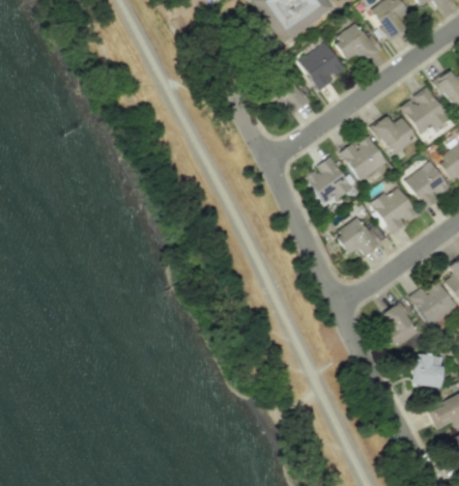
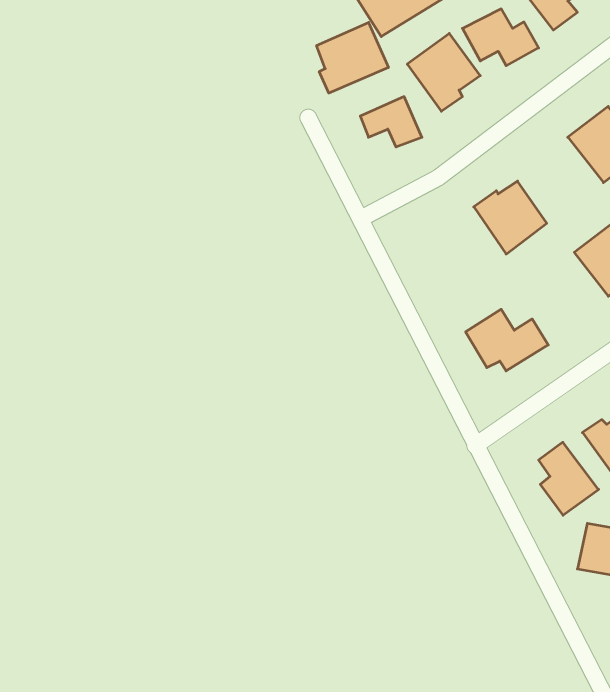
building: none -> [317,22,388,93]
building: [371,114,417,154] -> none
building: [306,155,353,203] -> none
building: [369,184,419,236] -> none

